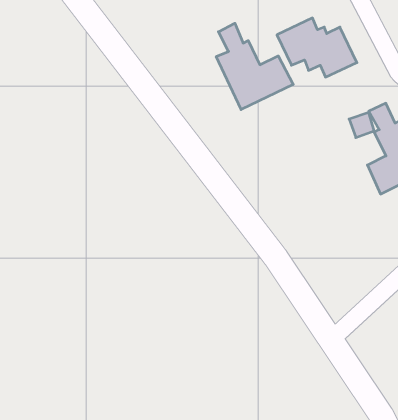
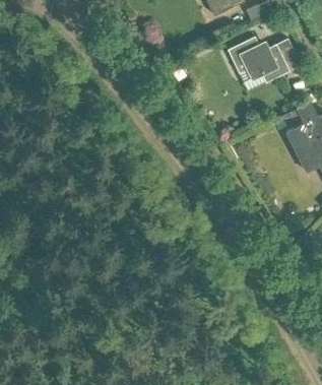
building: [216,23,293,110] -> none

